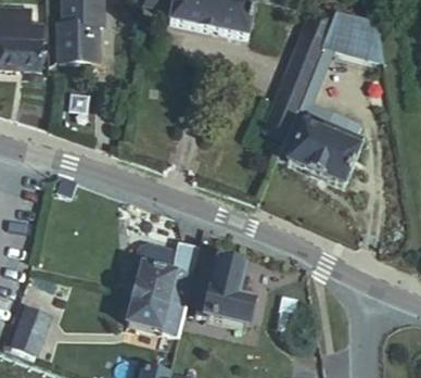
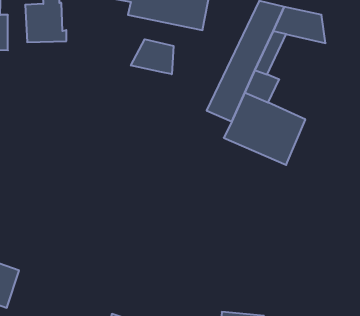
building: none -> [131,39,174,74]
building: [124,253,189,325] -> none
building: [202,256,252,319] -> none

